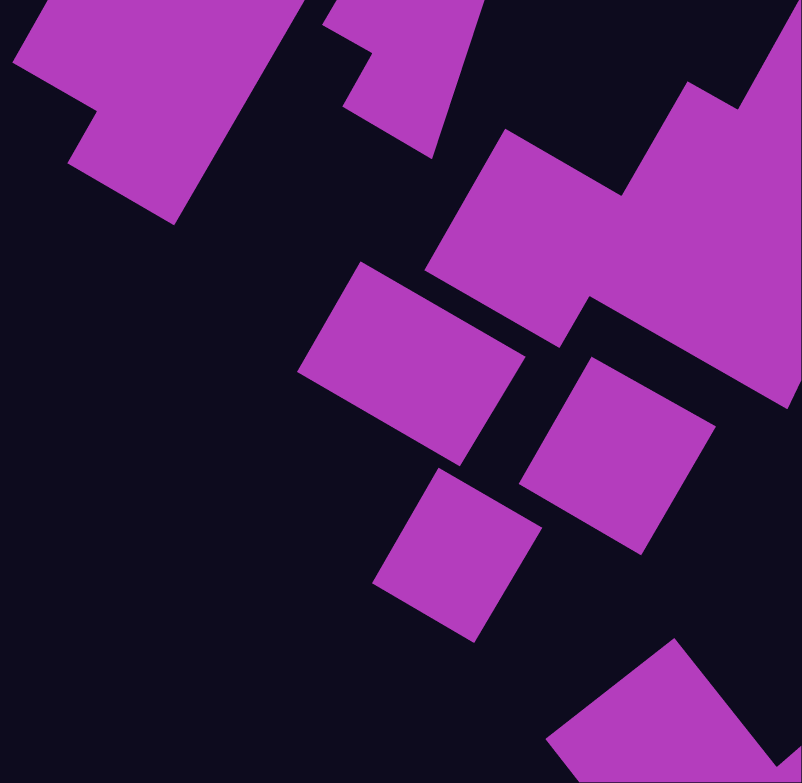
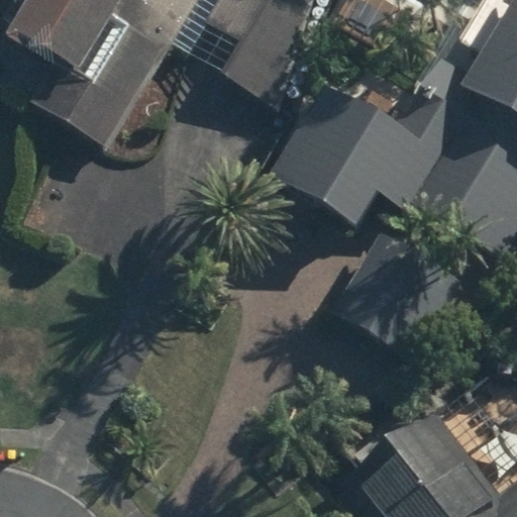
building: [296,260,527,468] -> none
building: [371,467,544,644] -> none

